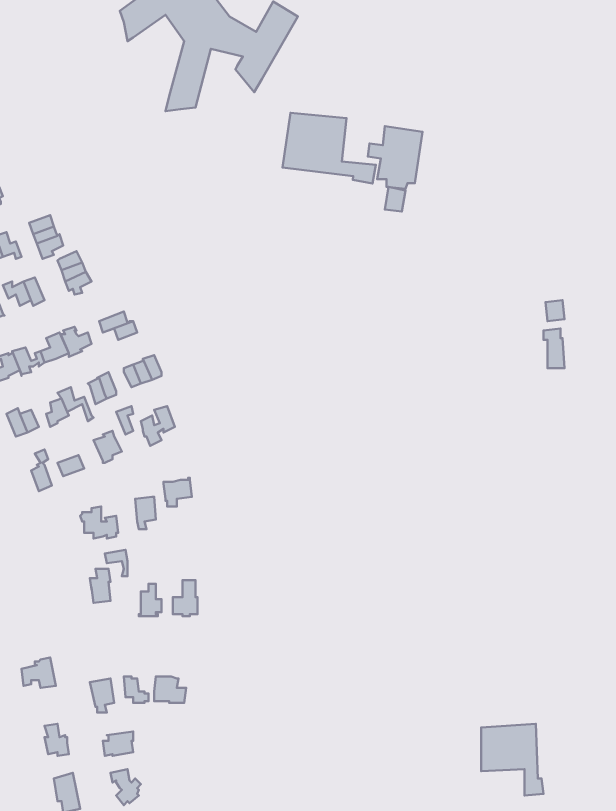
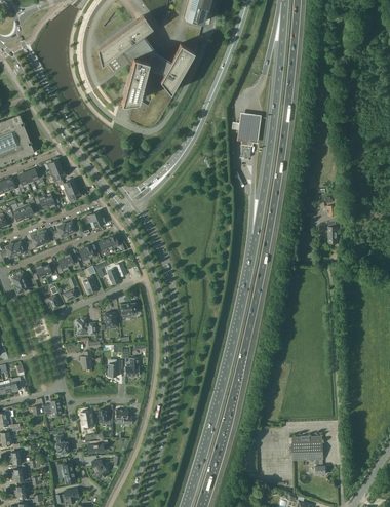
building: [282,113,376,184] -> none

